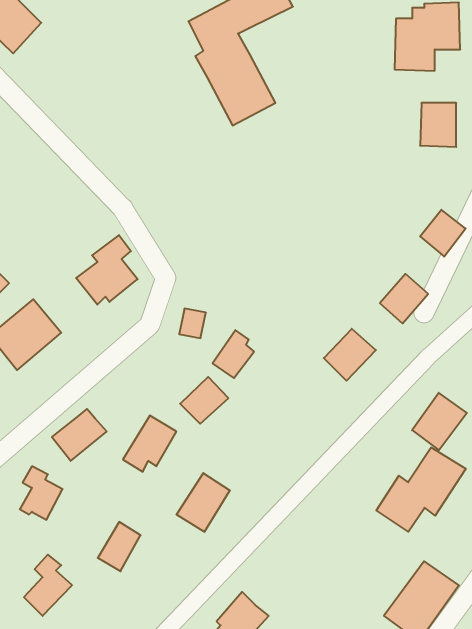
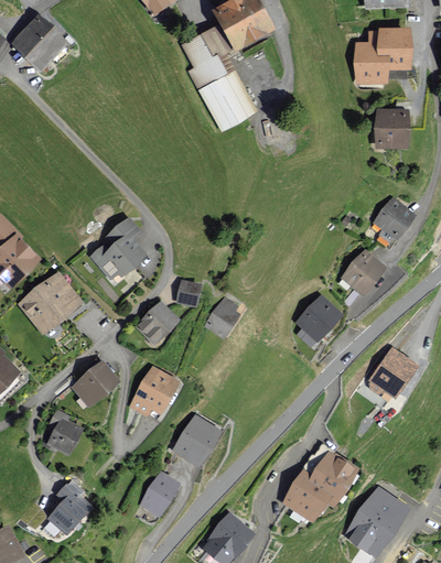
building: [180,377,228,424] -> [138,303,178,342]
building: [376,448,466,532] -> [284,451,358,520]
building: [98,522,141,571] -> [142,473,178,513]

